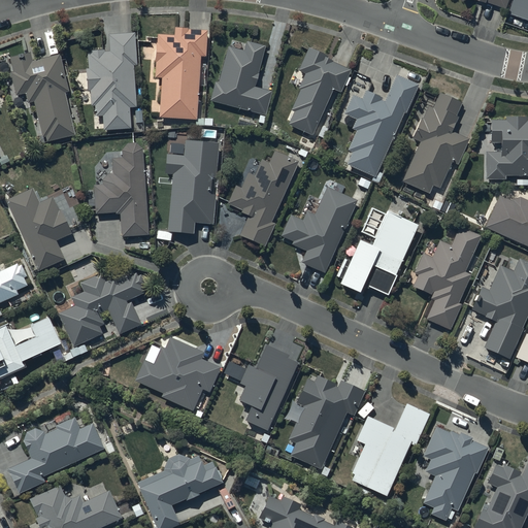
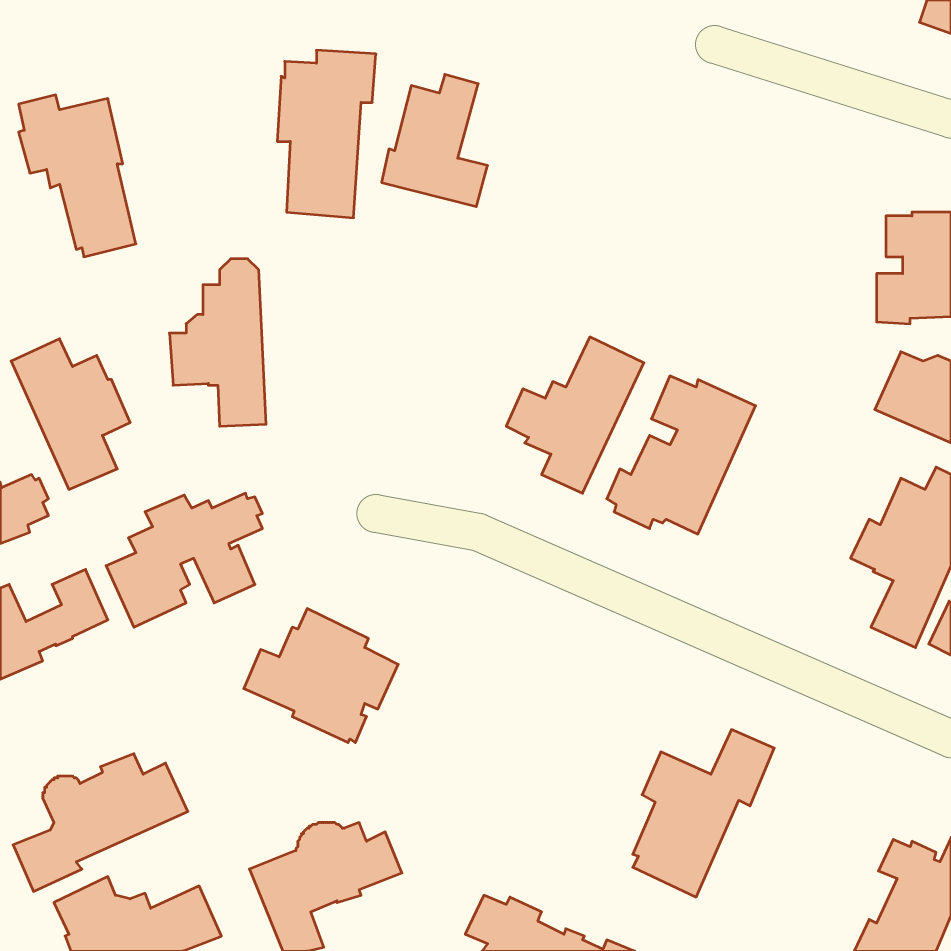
building: [87,33,137,130] -> none
building: [288,48,350,135] -> none
building: [343,74,418,177] -> none
building: [401,92,469,194] -> none
building: [165,140,220,233] -> none
building: [227,151,298,246] -> none
building: [411,227,480,330] -> none
building: [237,343,298,429] -> none
building: [289,376,364,468] -> none
building: [422,427,487,520] -> none

